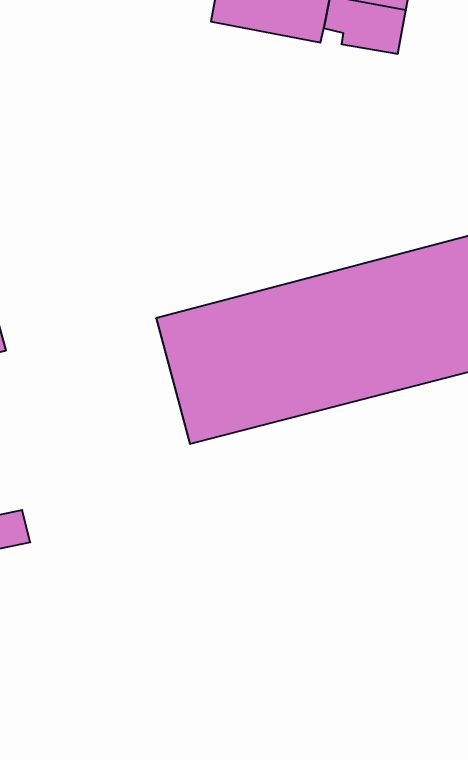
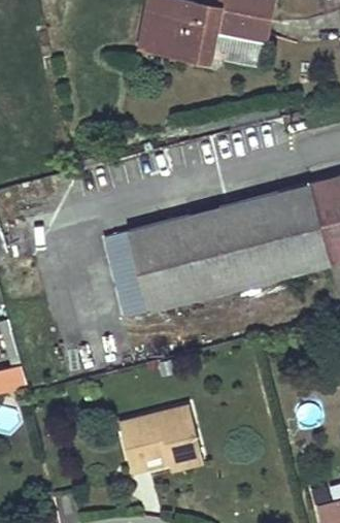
building: none -> [118,405,205,472]

